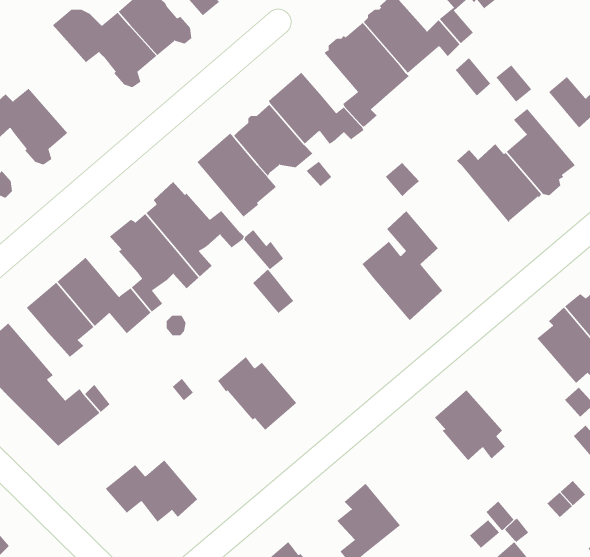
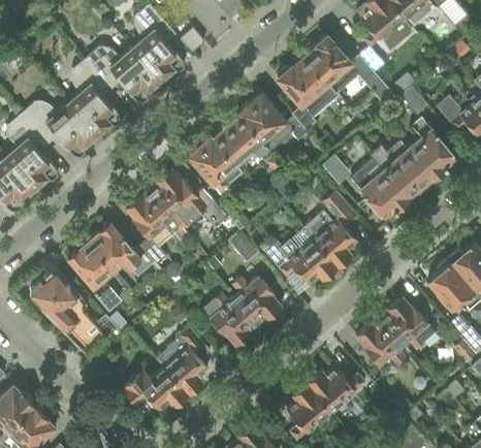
building: none -> [69,59,121,135]
building: none -> [351,158,409,218]
building: none -> [266,228,339,284]
building: none -> [232,277,282,326]
building: none -> [379,297,436,350]
building: none -> [157,327,210,394]
building: none -> [308,369,365,413]

